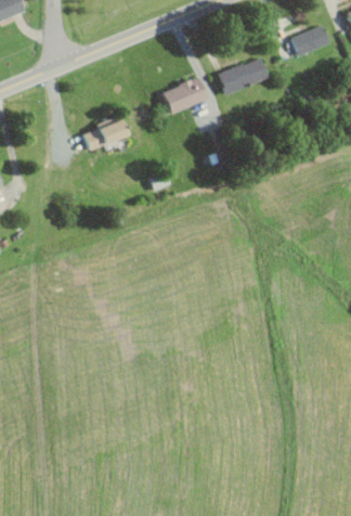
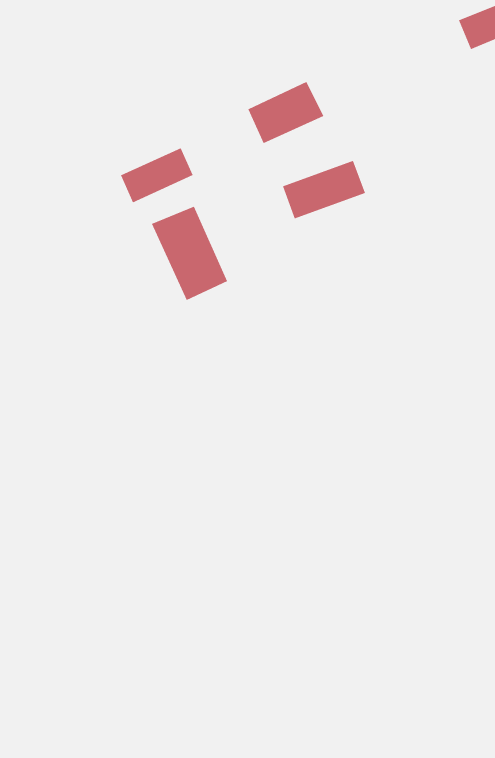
building: [218,57,270,94] -> [282,160,366,219]
building: none -> [151,206,228,301]

